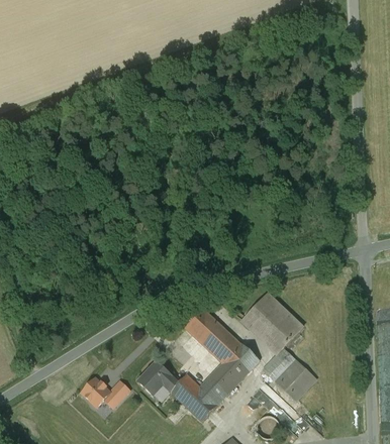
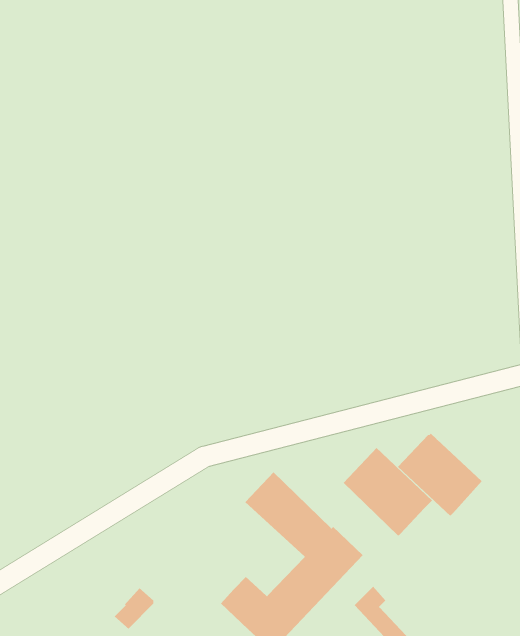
building: [262,348,315,401] -> [397,433,483,517]
building: [137,361,178,396] -> none
building: [82,378,110,407] -> none

